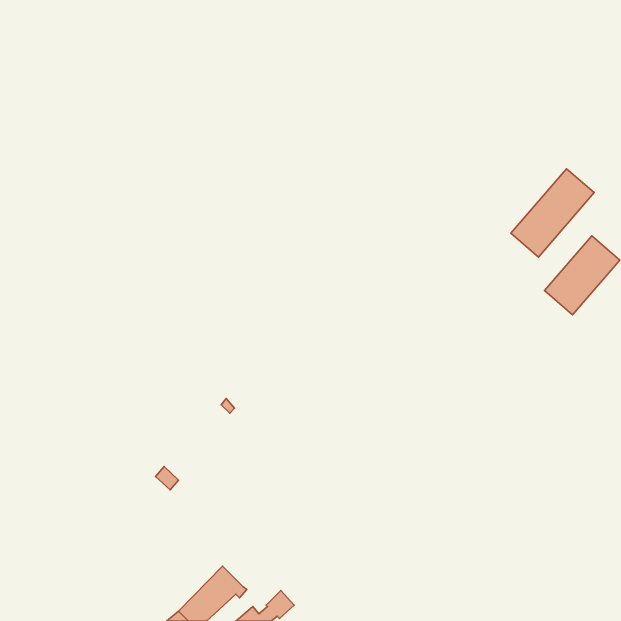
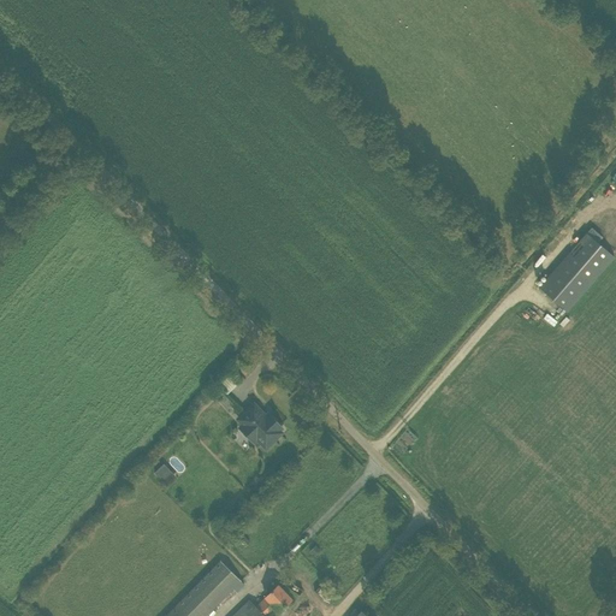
building: [511,169,594,257] -> none
building: none -> [238,404,282,448]

